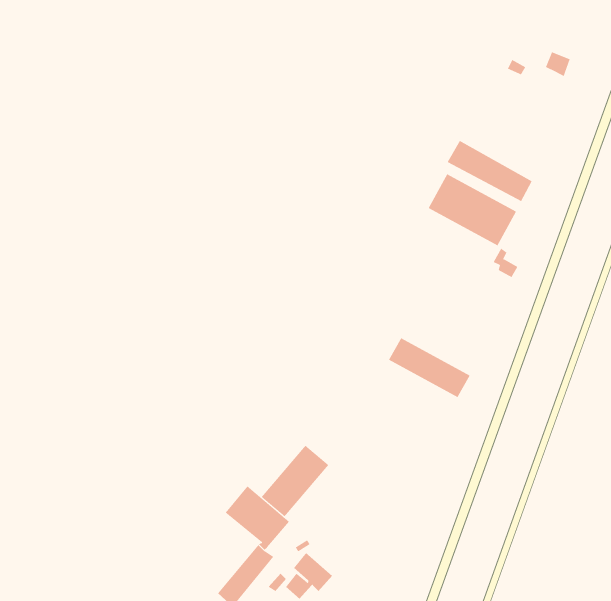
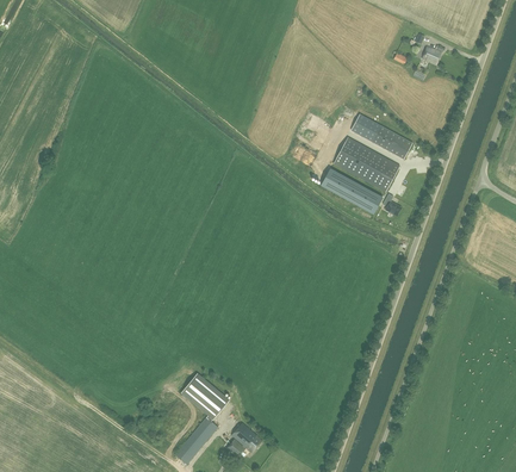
building: [388,338,471,398] -> [321,168,383,213]
building: [261,445,329,517] -> none

